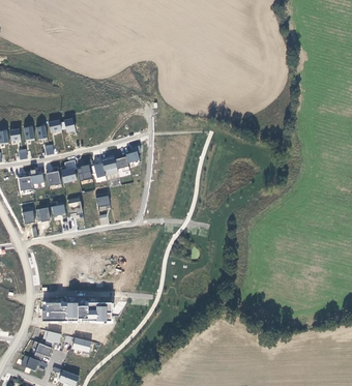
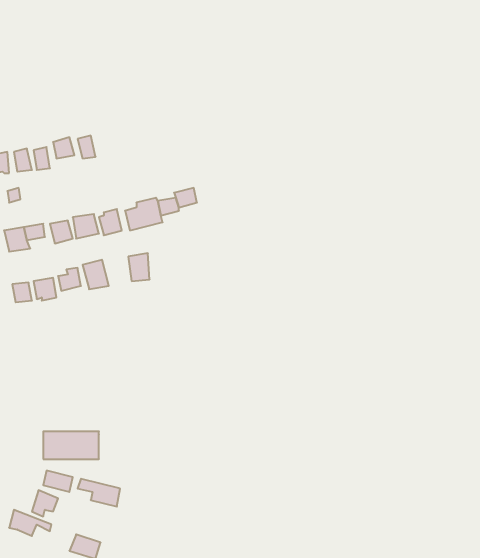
building: [77,303,110,322] -> none

